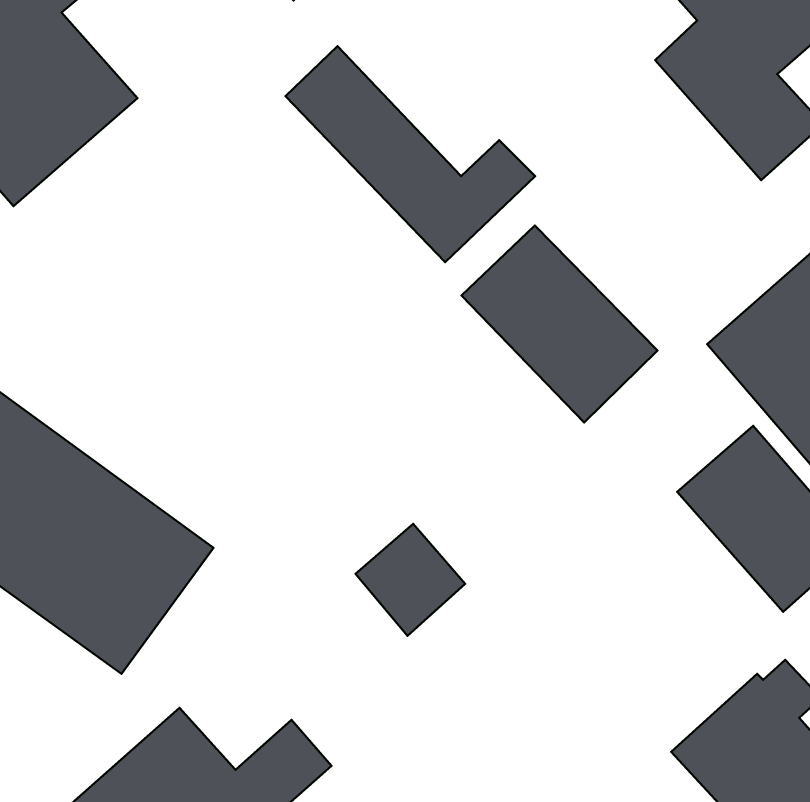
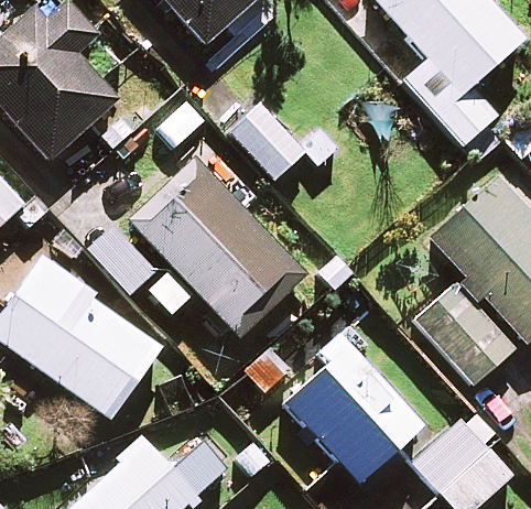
building: none -> [129,160,304,337]
building: [462,226,657,422] -> none
building: none -> [286,332,425,484]

